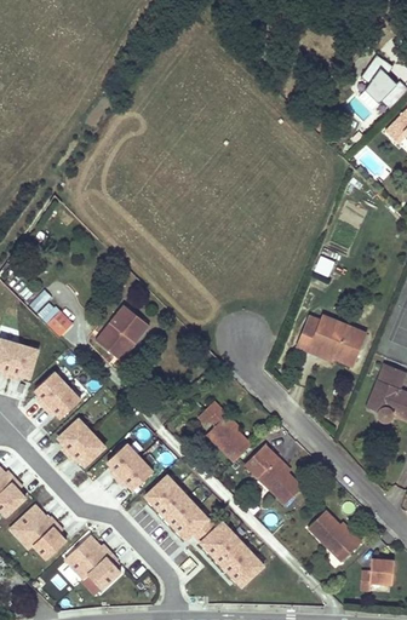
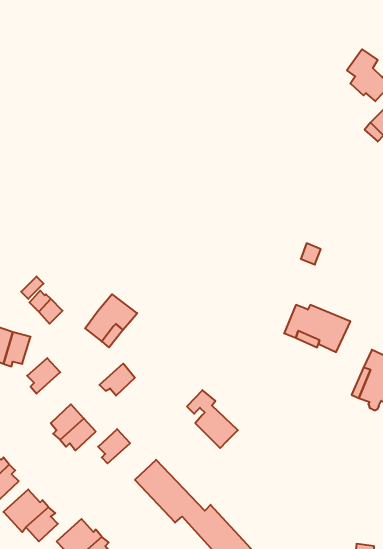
building: [45,385,81,418] -> [99,364,135,396]
building: [245,446,303,505] -> none
building: [117,458,154,489] -> none
building: [304,507,357,559] -> none

